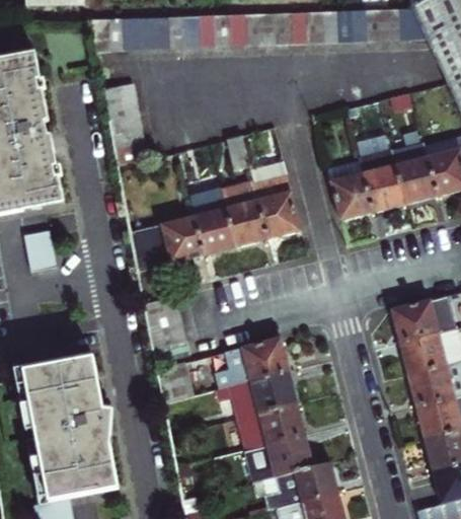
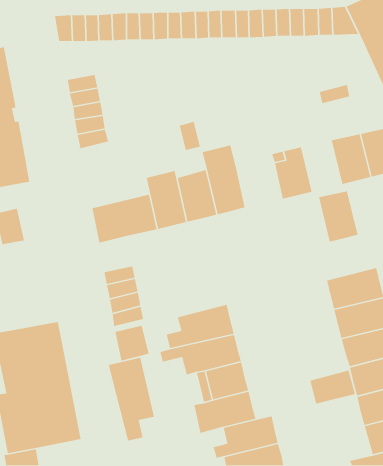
building: [364,155,408,213] -> [318,190,358,243]
building: none -> [108,357,155,442]
building: none -> [309,370,356,404]

